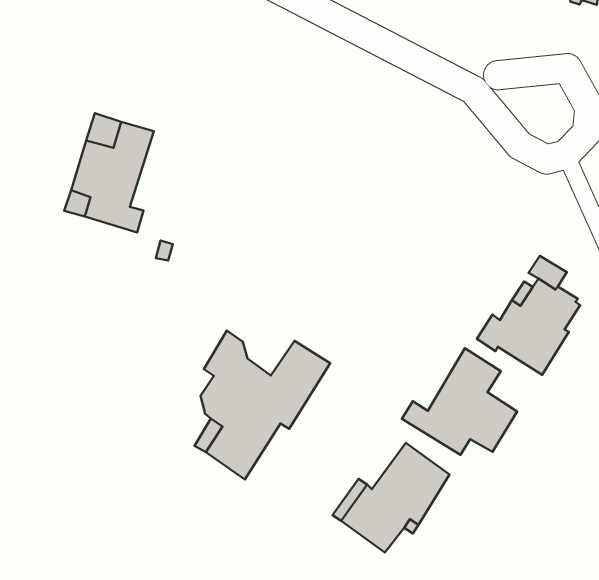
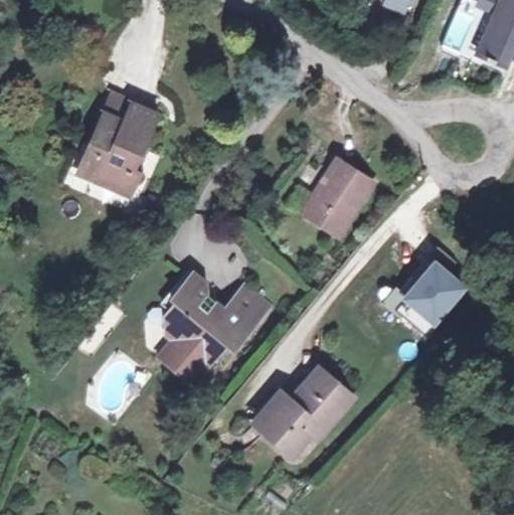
building: none -> [302,156,372,234]
building: [402,348,517,455] -> none

